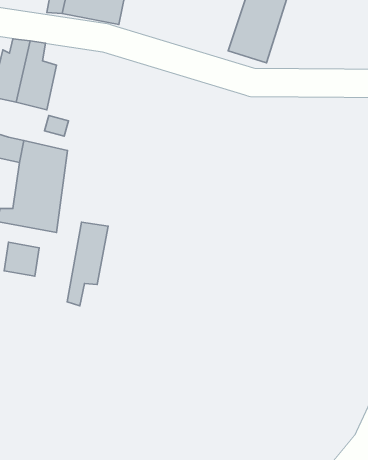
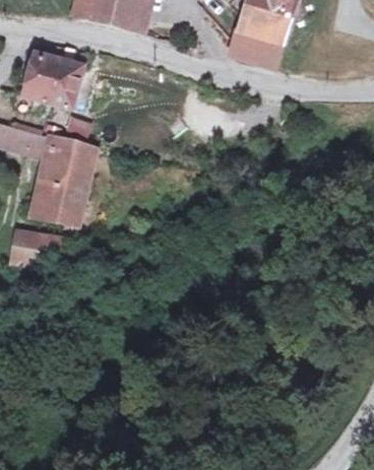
building: [67,222,108,306] -> none

